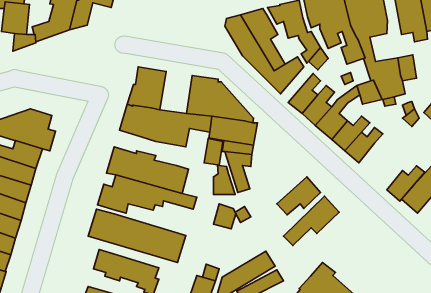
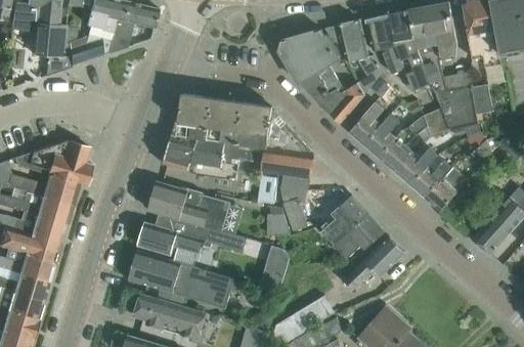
building: none -> [207,98,243,144]
building: none -> [319,196,368,244]
building: [387,166,425,201] -> [426,172,468,211]

